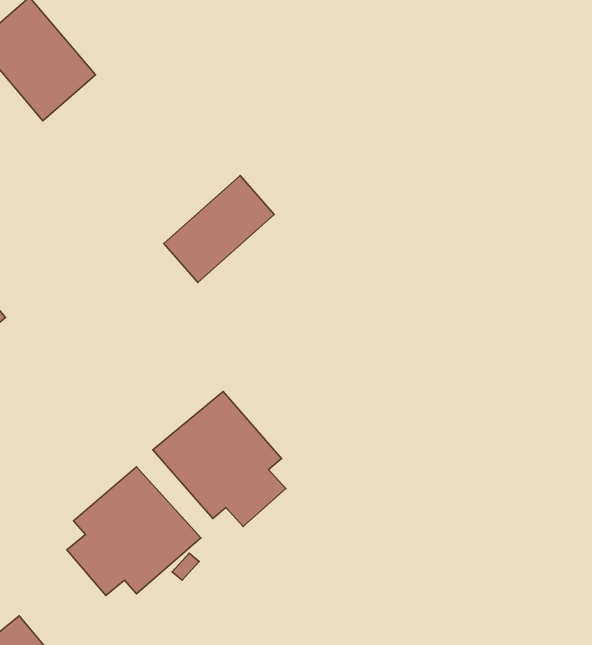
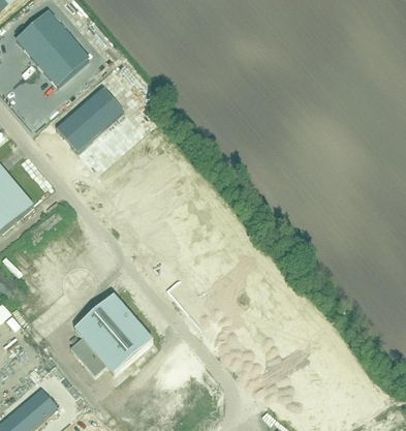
building: [164,176,274,282] -> [56,87,123,152]
building: [153,392,286,526] -> none

